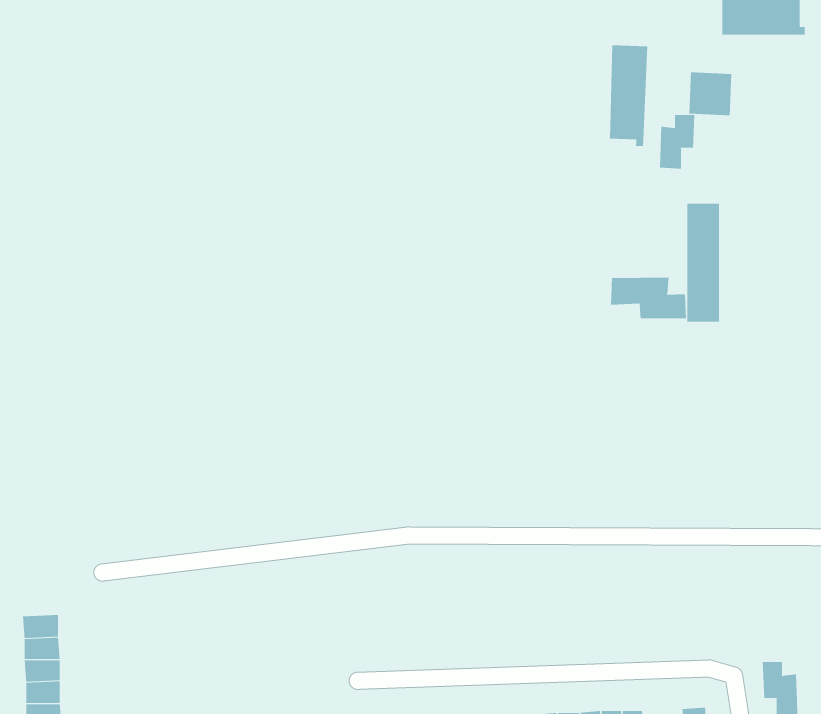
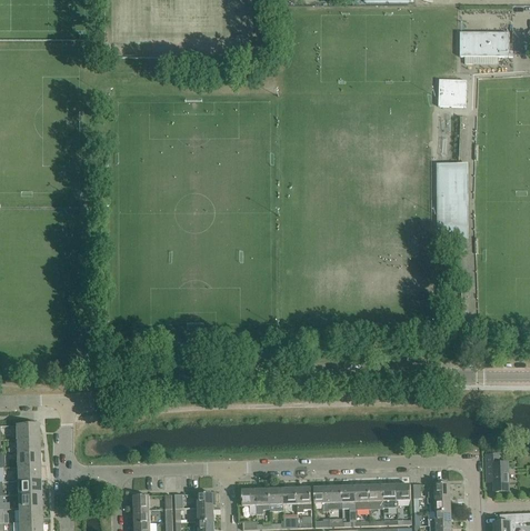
building: [610,44,648,147] -> none
building: [659,114,695,170] -> none
building: [611,277,687,319] -> none

